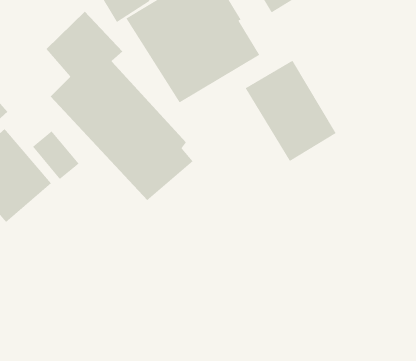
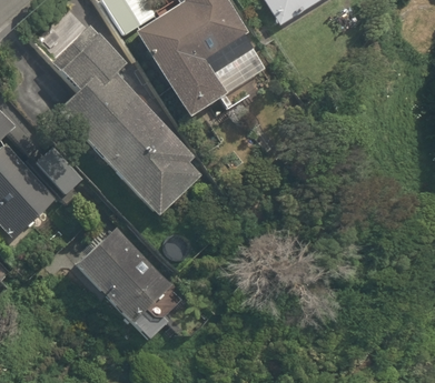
building: [245,60,336,162] -> none
building: none -> [72,225,181,339]

